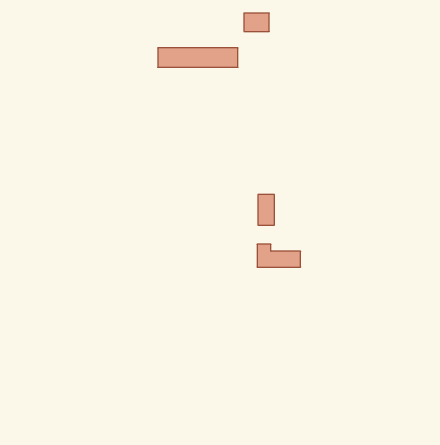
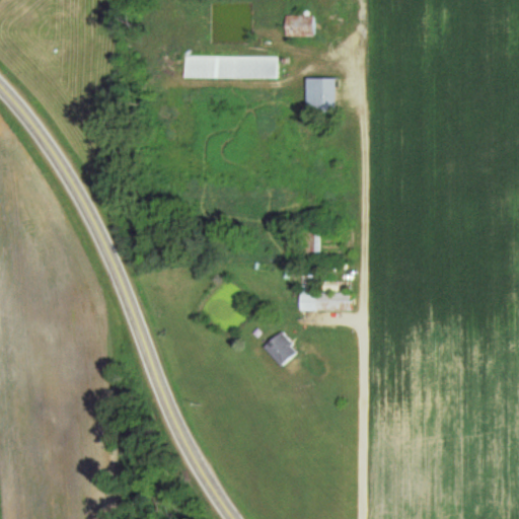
building: none -> [307,78,338,114]
building: none -> [262,331,297,367]

